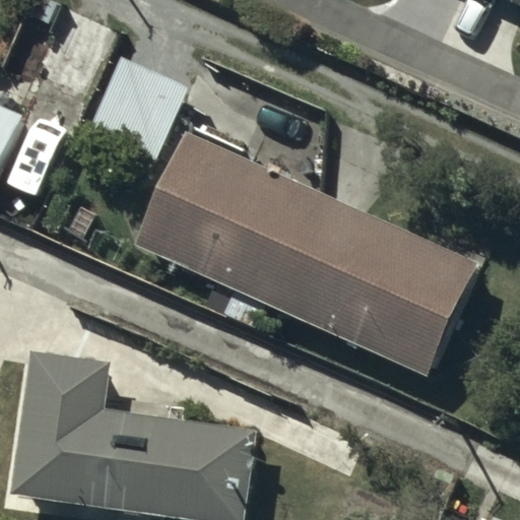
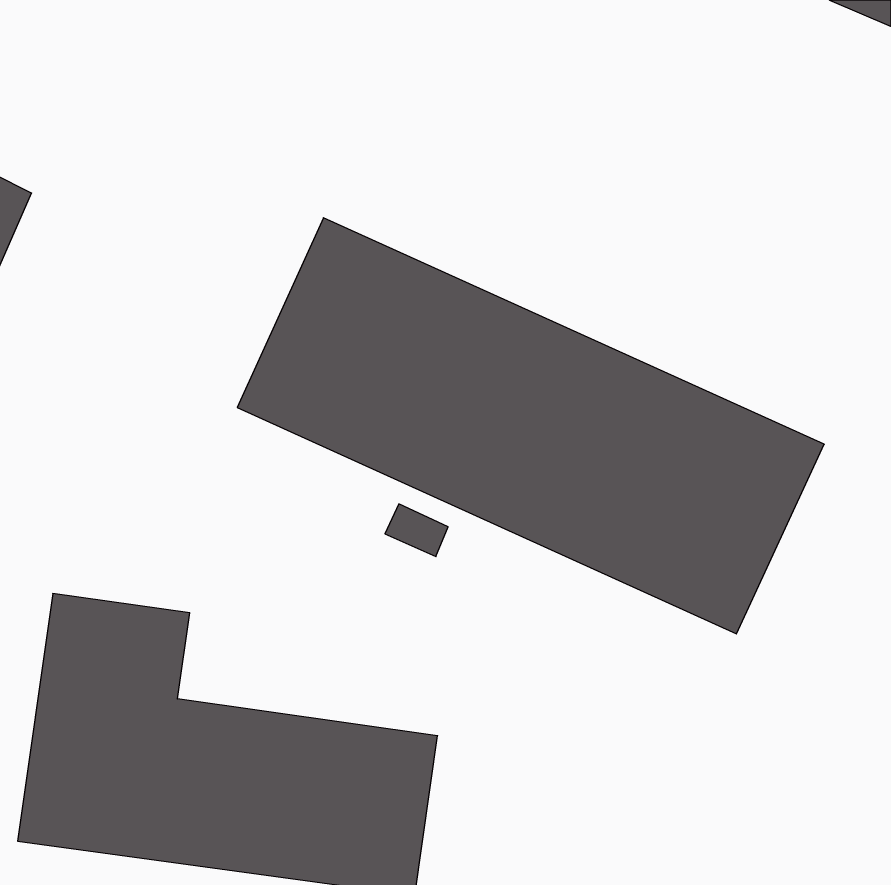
building: [88,58,185,159] -> none

